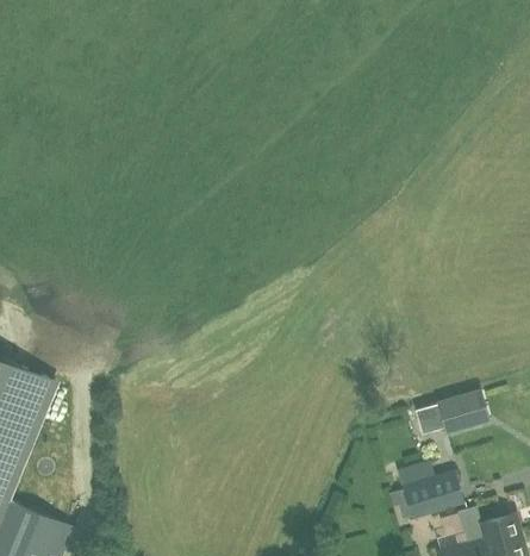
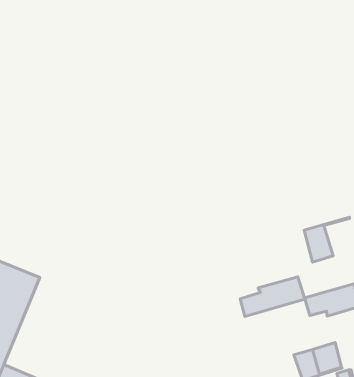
building: none -> [304,217,350,262]
building: none -> [240,277,305,316]

